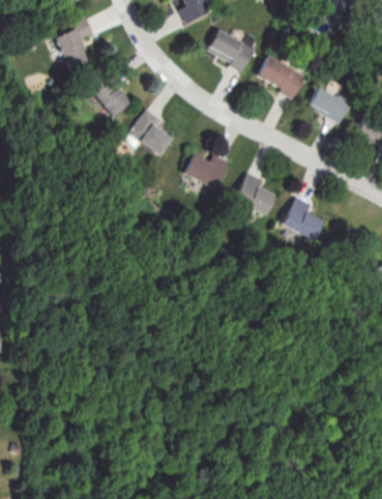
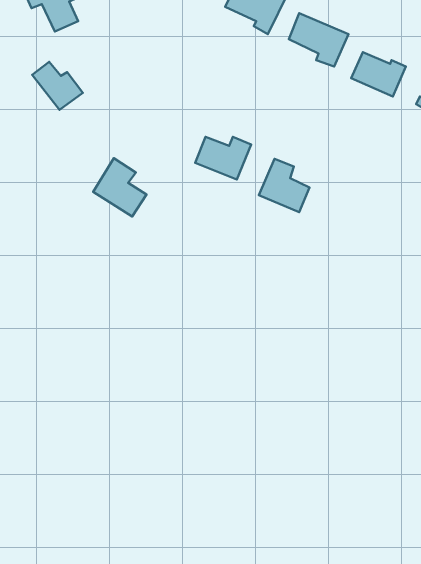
building: [90,78,130,116] -> [32,62,83,110]
building: [129,108,172,154] -> [93,158,146,217]
building: [282,196,323,240] -> none

